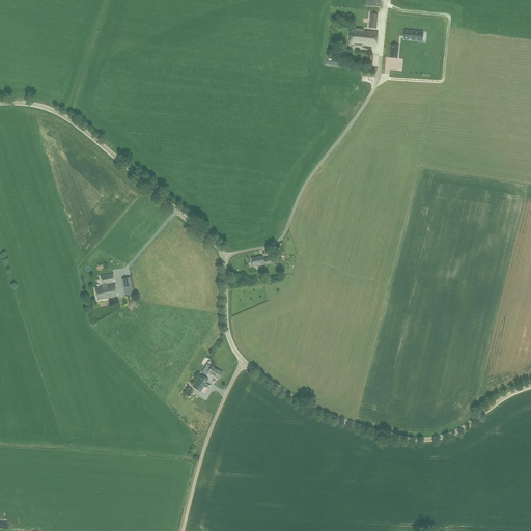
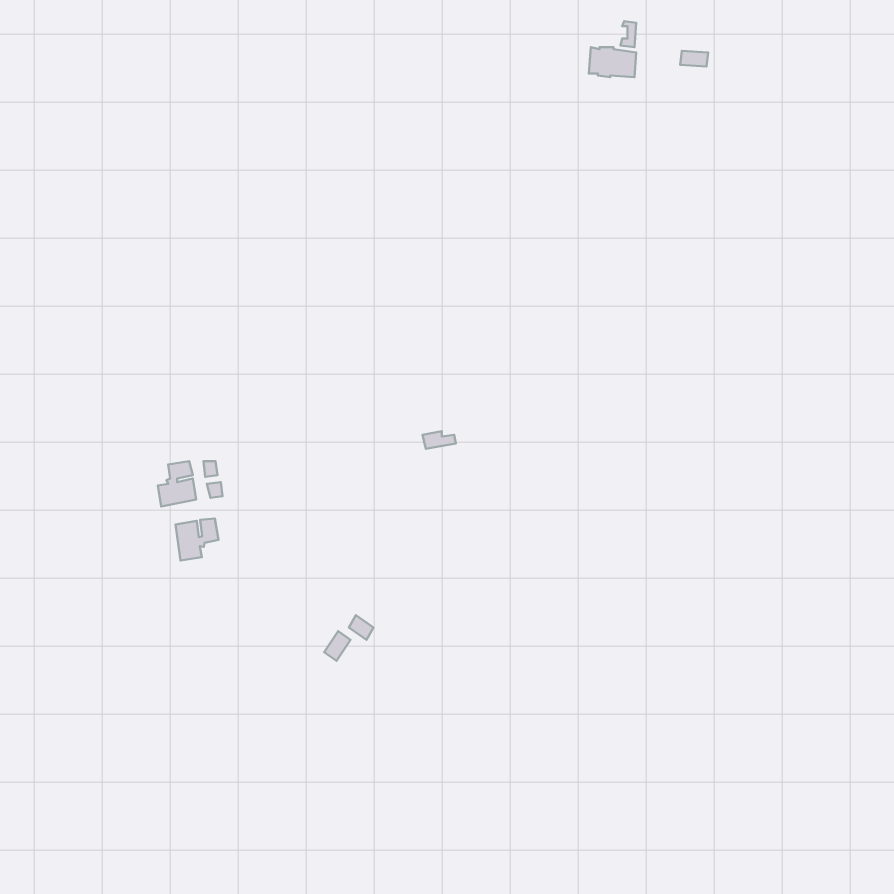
building: none -> [176,518,218,561]

